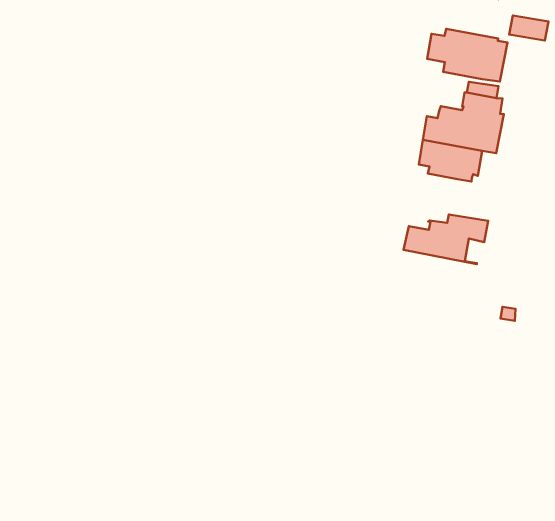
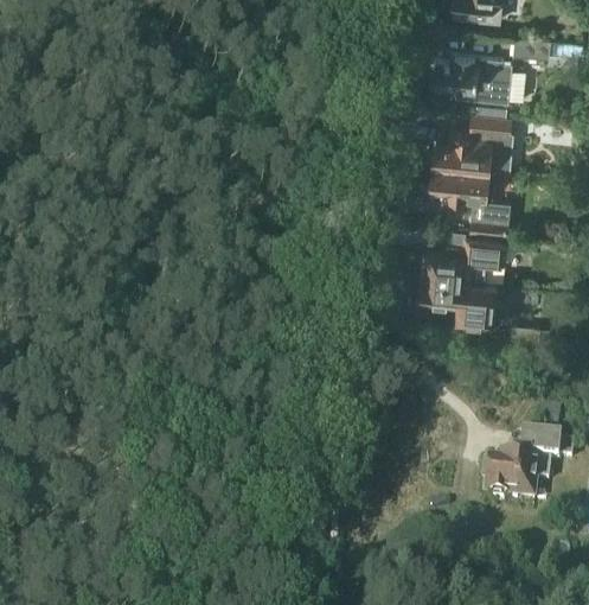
building: none -> [467,200,508,236]
building: none -> [416,276,498,324]
building: none -> [480,437,557,504]

